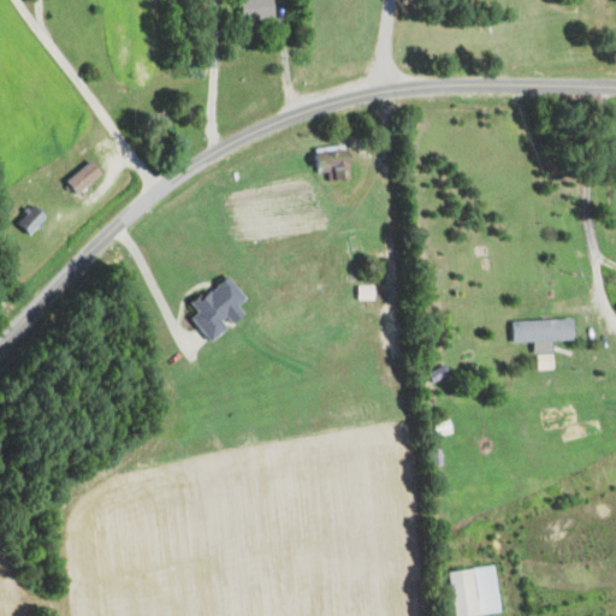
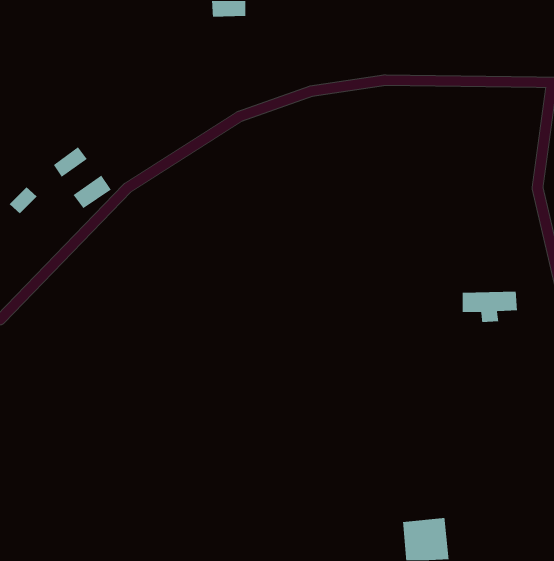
building: [312,149,350,179] -> none
building: none -> [73,174,112,209]
building: [190,276,247,343] -> none

